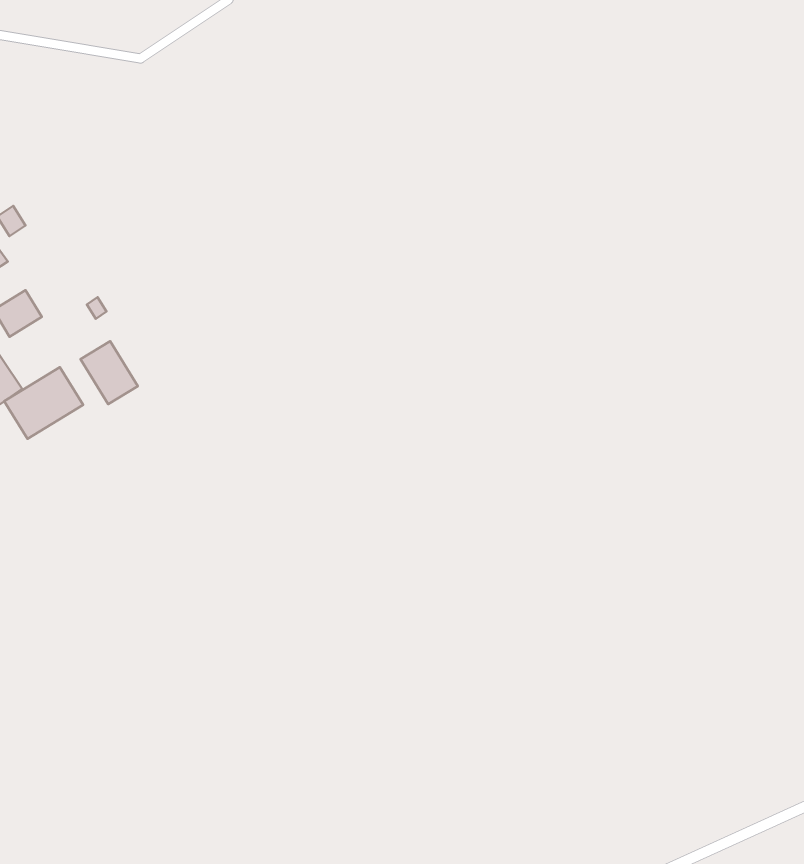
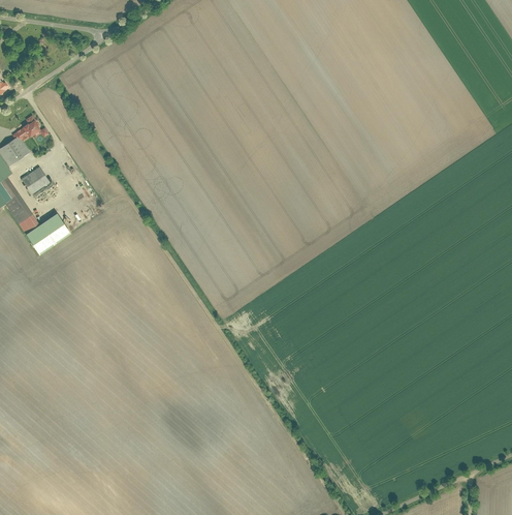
building: [81,341,138,404] -> none

